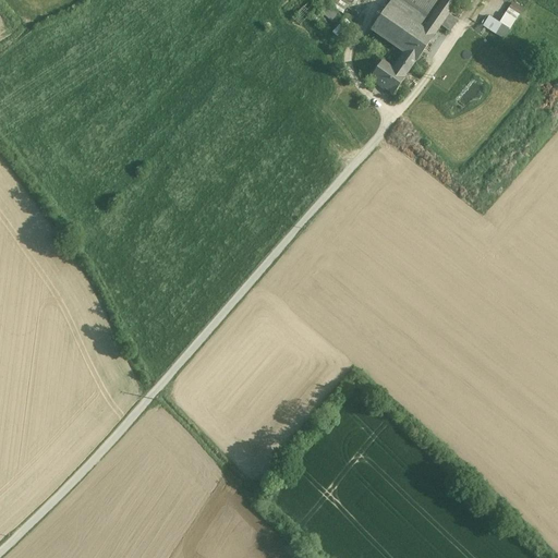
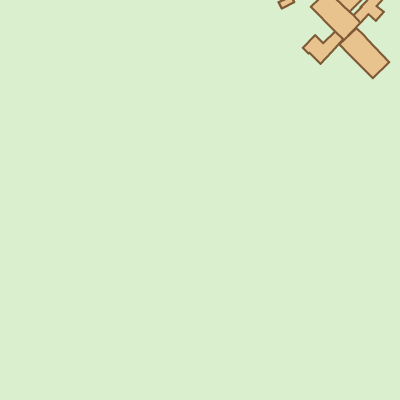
building: none -> [339,28,389,78]

